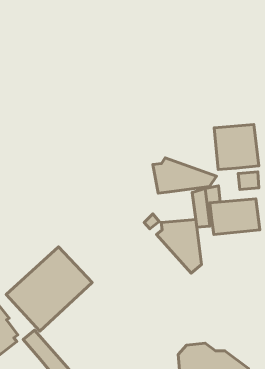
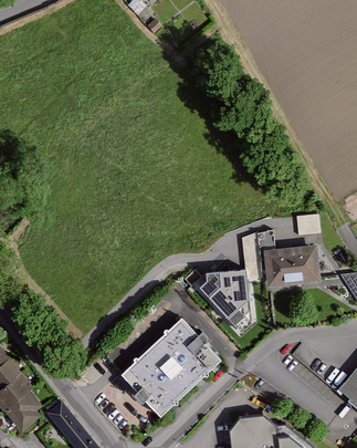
building: [214,125,259,169] -> none
building: [153,158,216,193] -> none
building: [6,247,92,331] -> [123,317,224,417]

